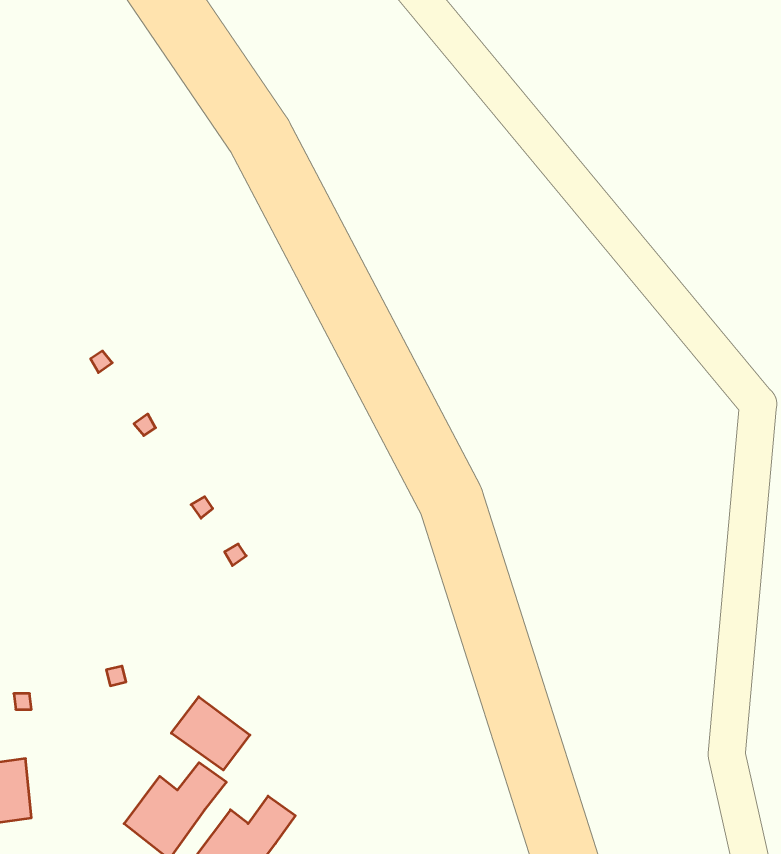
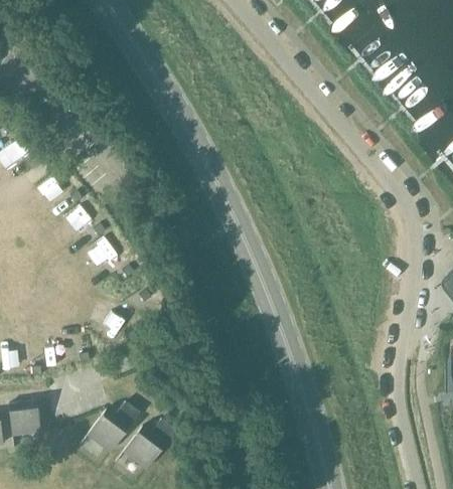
building: [171,697,250,770] -> none

